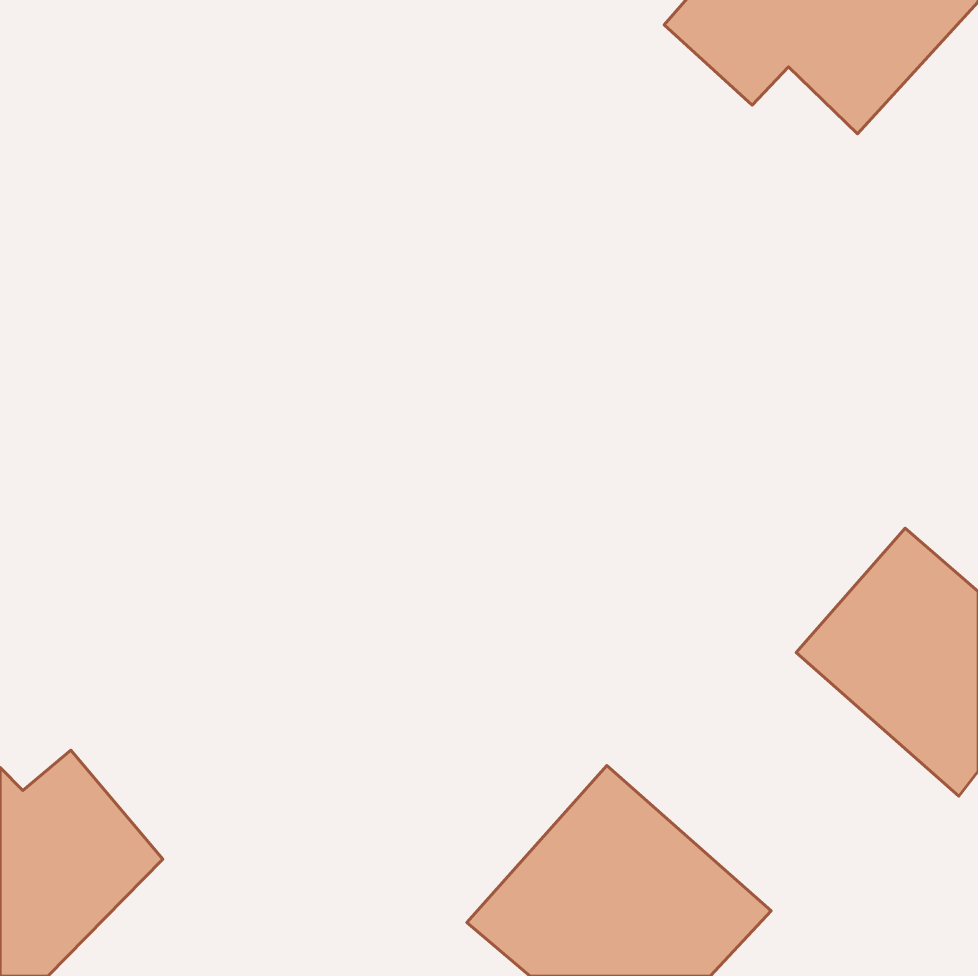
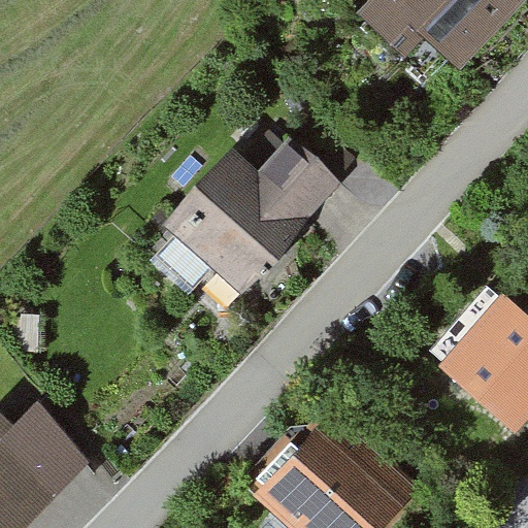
building: none -> [157,135,345,296]

